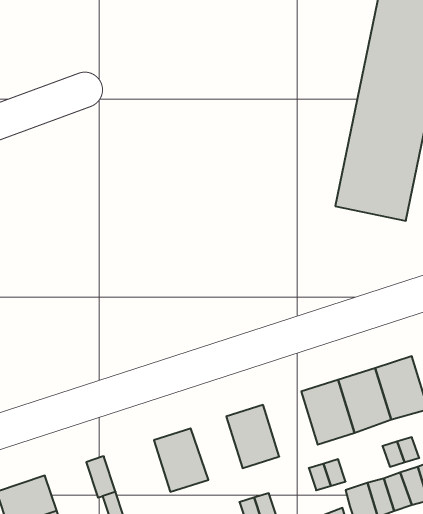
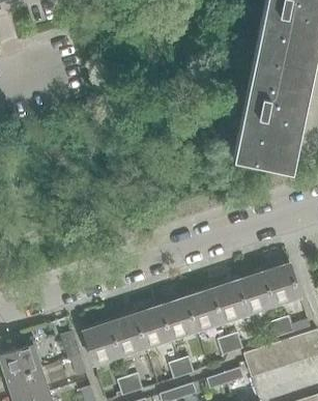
building: none -> [186,286,225,332]
building: none -> [136,304,172,348]
building: none -> [84,320,121,365]

